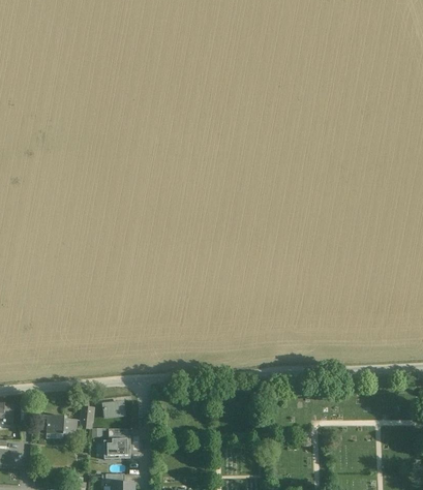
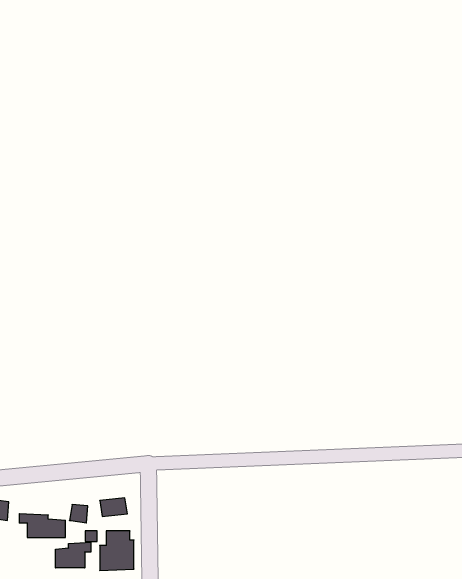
building: none -> [56,542,91,568]

